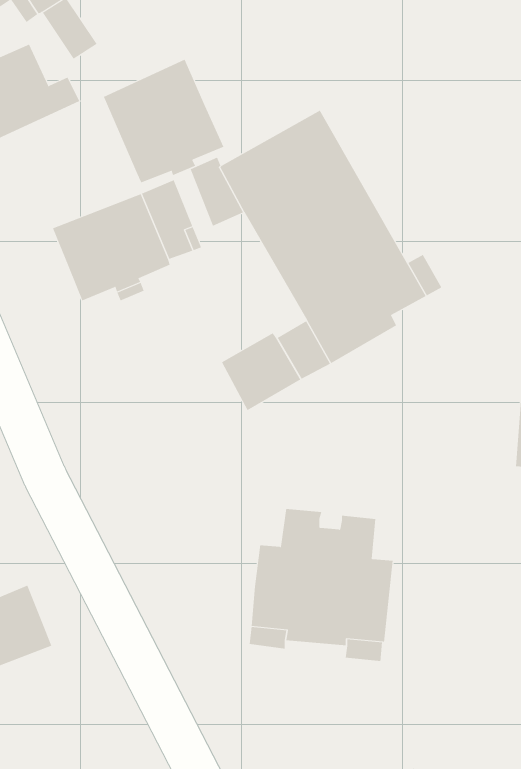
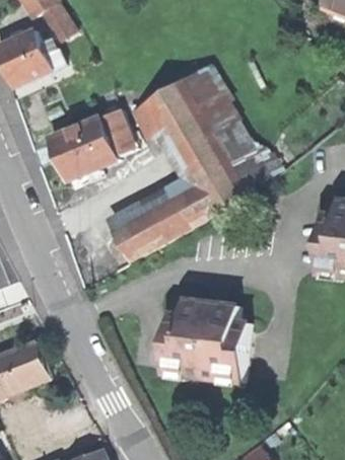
building: [103,59,224,183] -> none
building: none -> [113,213,161,259]

